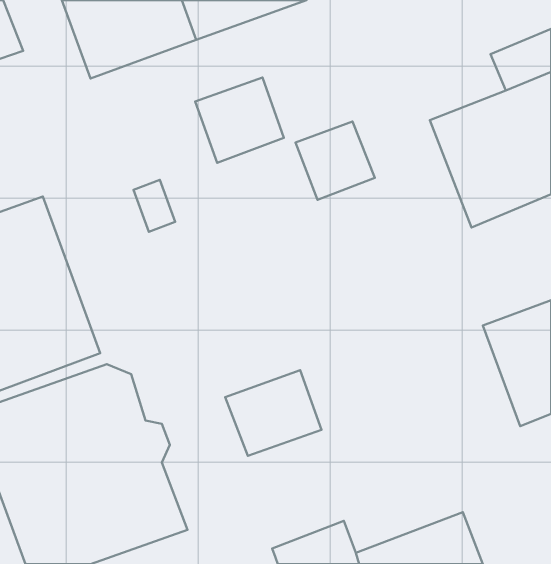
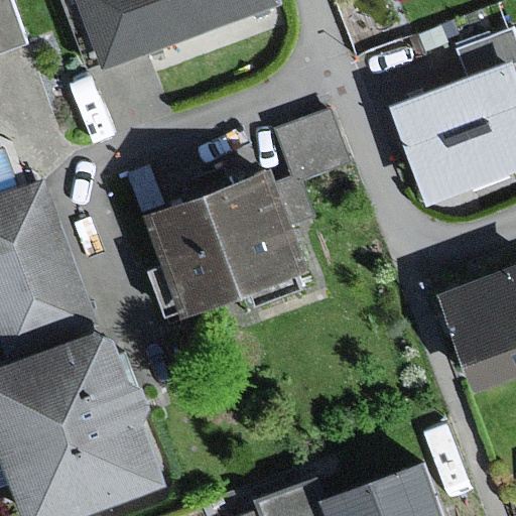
building: [195,77,284,163] -> none
building: none -> [149,172,311,317]
building: [225,370,322,456] -> none

